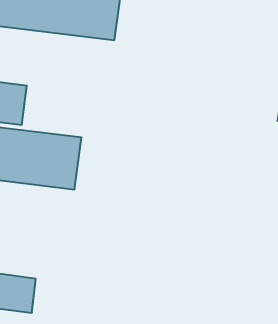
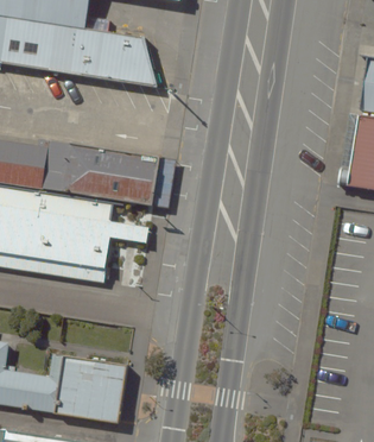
building: none -> [66,141,153,204]
building: none -> [56,355,126,423]

